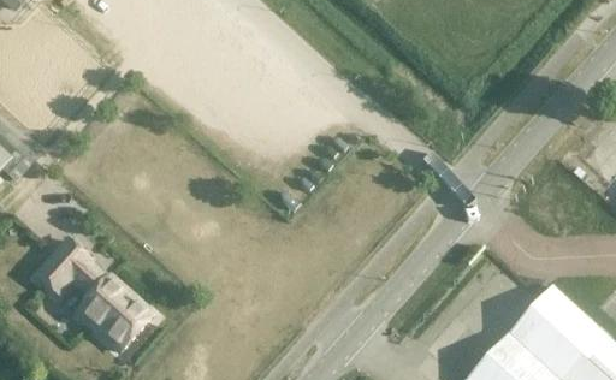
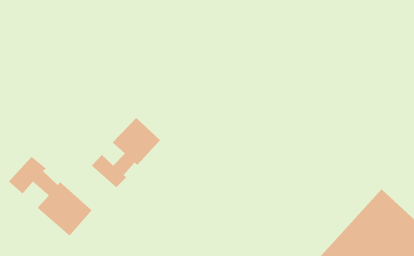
building: none -> [91,117,161,188]

